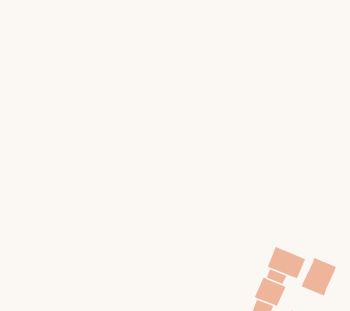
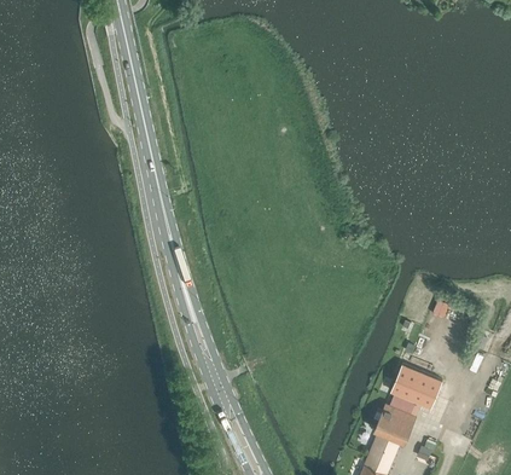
building: [301,257,337,296] -> none

